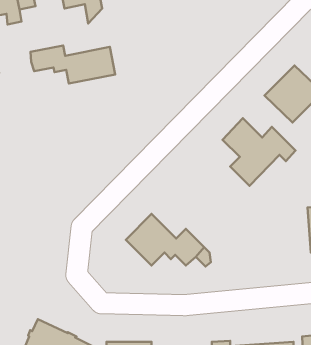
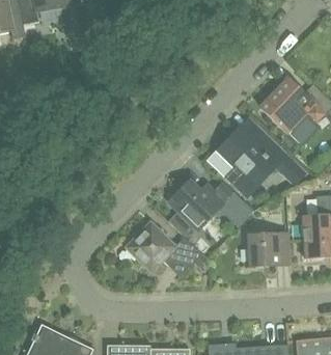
building: [30,45,115,83] -> none
building: none -> [167,176,250,229]
building: none -> [247,233,289,268]

